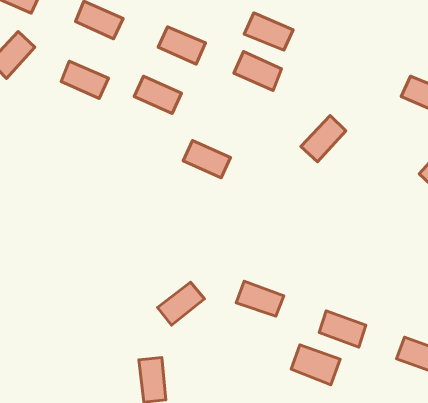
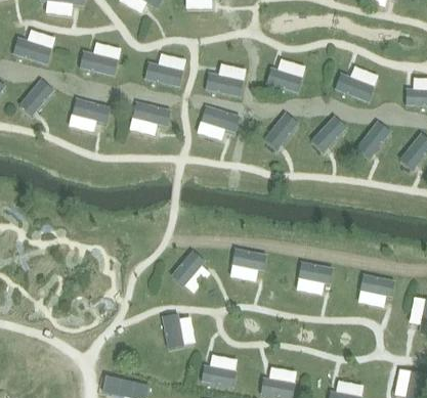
building: [244,13,293,50] -> [265,65,302,91]
building: none -> [313,114,347,150]
building: [183,141,231,178] -> [200,105,236,131]
building: [291,345,340,385] -> none

